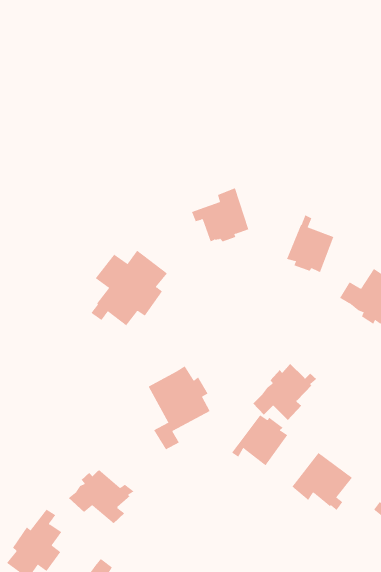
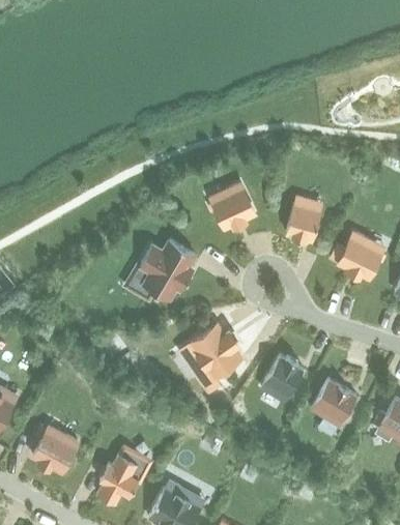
building: [252,363,317,421] -> none
building: [68,469,135,524] -> none

